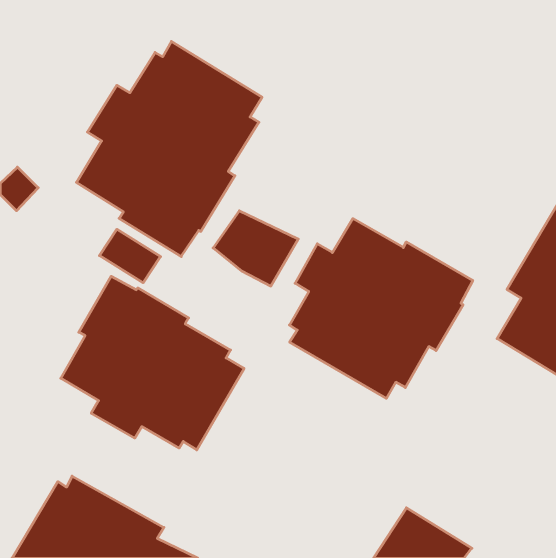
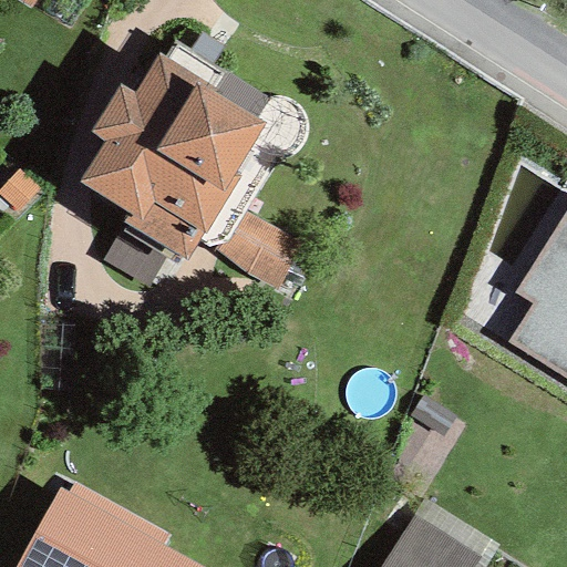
building: [289,219,473,398] -> none
building: [61,276,244,450] -> none

